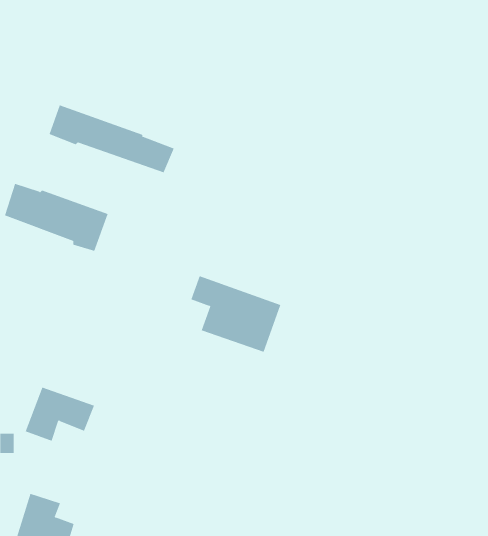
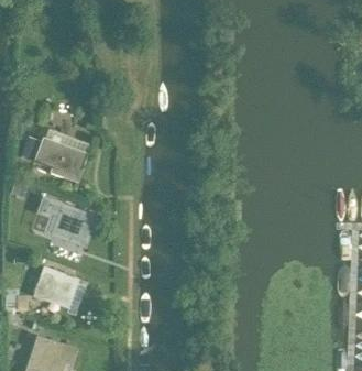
building: [49,104,175,173] -> none
building: [191,276,281,353] -> [39,198,97,248]

